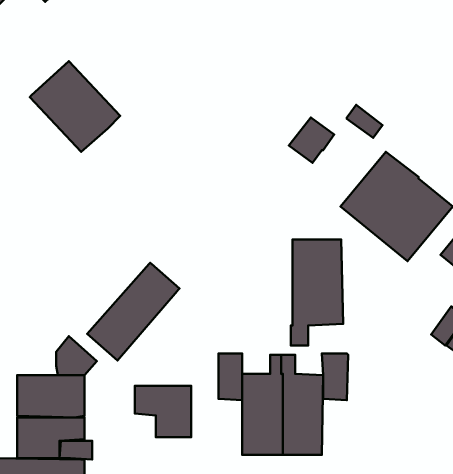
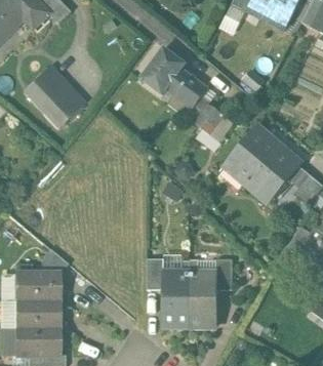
building: none -> [140,47,208,109]
building: [291,240,343,345] -> none
building: [87,263,179,361] -> none
building: [135,386,191,437] -> none

